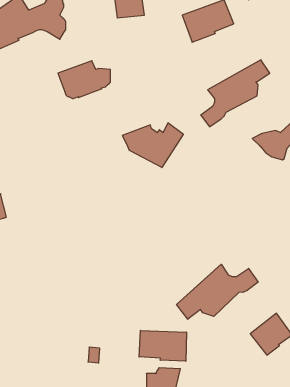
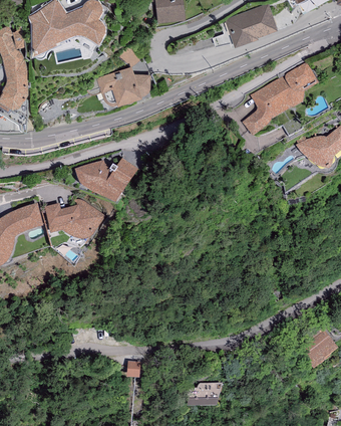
building: [122,123,183,168] -> [74,158,137,204]
building: none -> [44,200,105,239]
building: [177,264,258,319] -> none
building: [139,330,186,361] -> none

